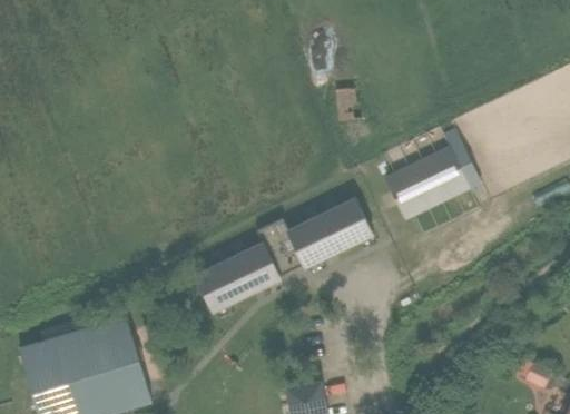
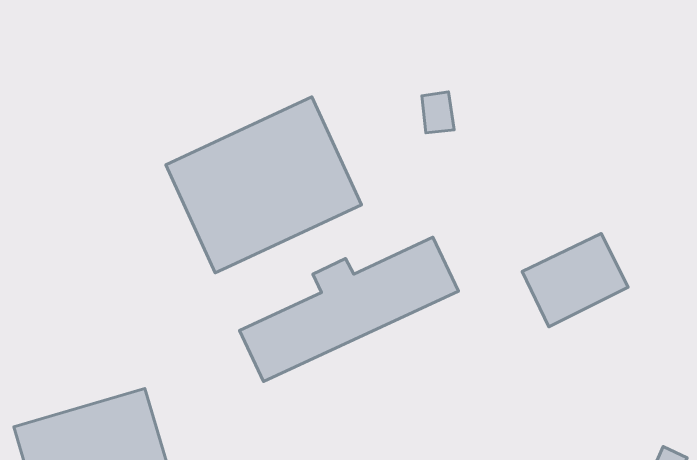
building: none -> [166,97,362,273]
building: [385,147,469,220] -> [522,233,628,327]

